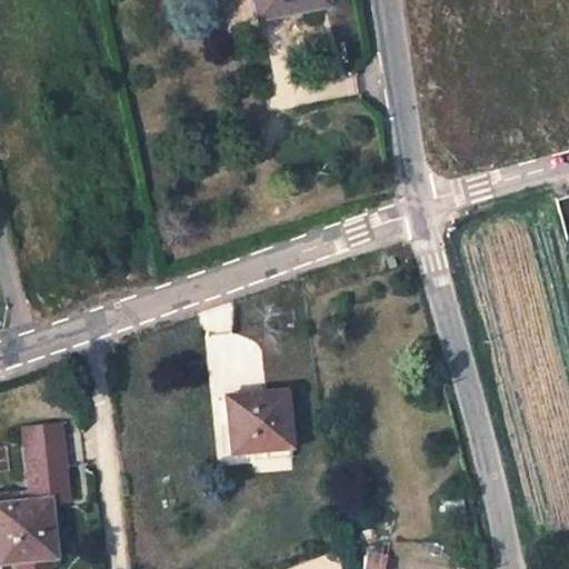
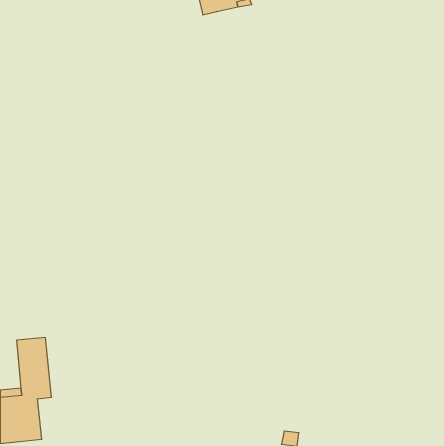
building: [229,392,292,455] -> none

